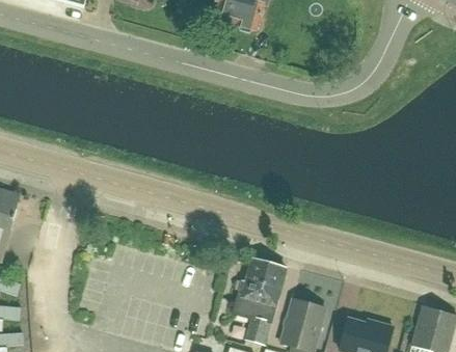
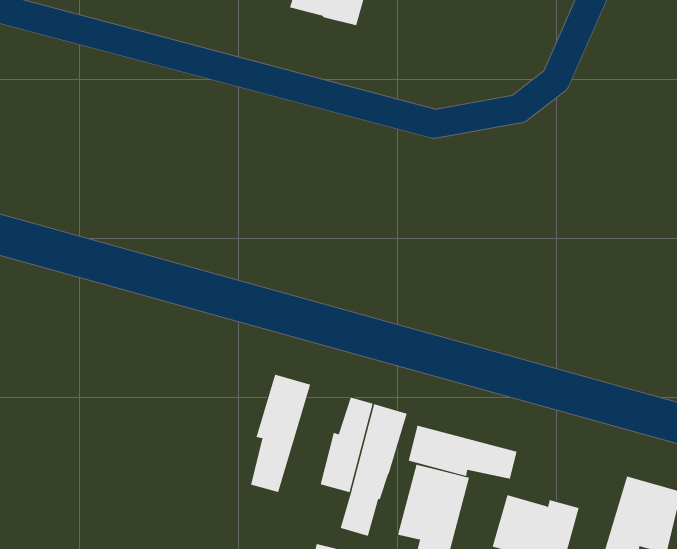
building: none -> [250,374,311,493]
building: none -> [408,425,517,479]

